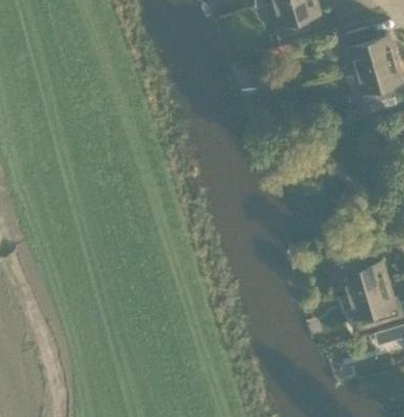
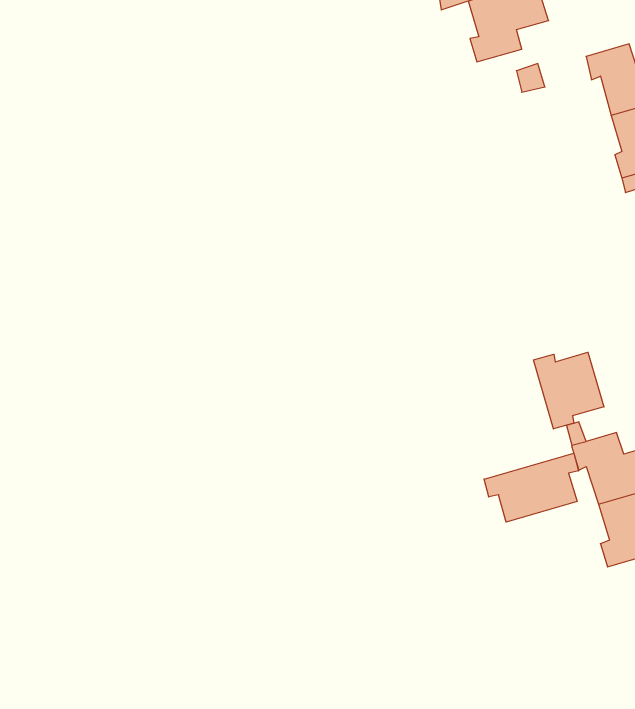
building: none -> [533,352,604,429]
building: none -> [484,453,578,522]

